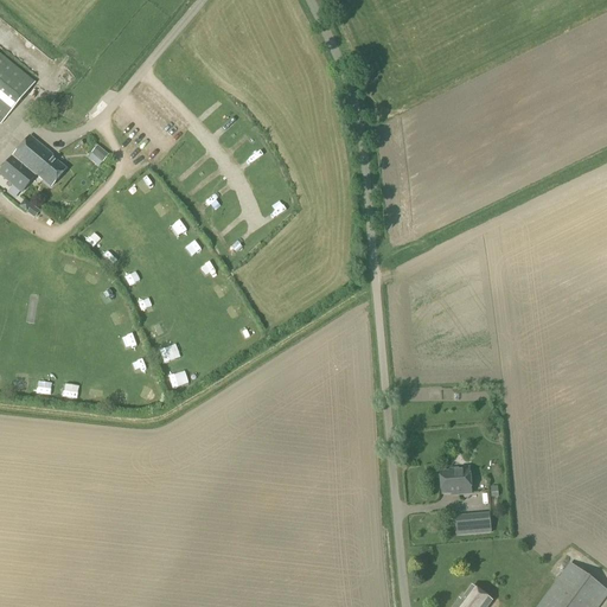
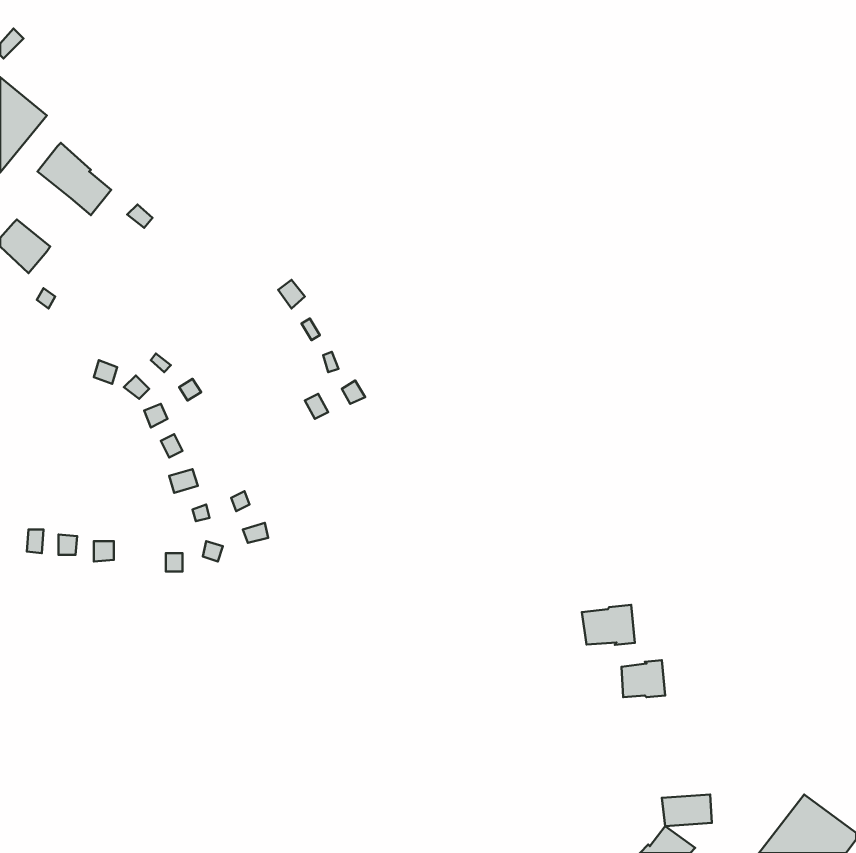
building: [12,135,64,186] -> [37,143,111,215]
building: none -> [582,605,635,645]
building: [455,512,491,535] -> [662,794,712,826]

